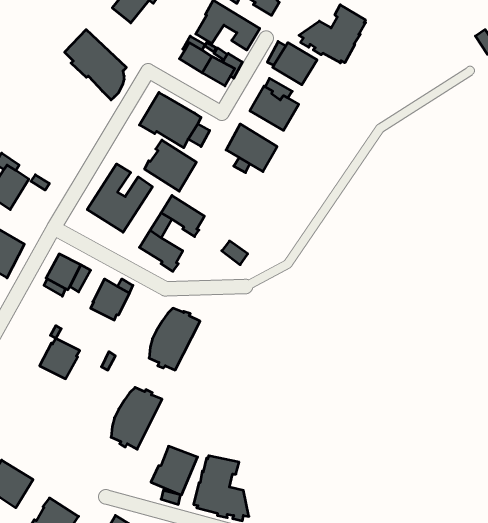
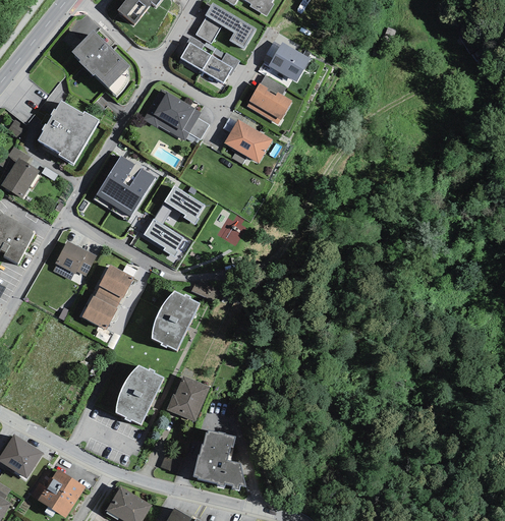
building: [299,5,366,63] -> none
building: none -> [38,100,99,163]
building: [145,140,196,191] -> none
building: [40,339,80,379] -> [81,291,119,329]
building: [151,446,198,495] -> [166,375,210,421]

